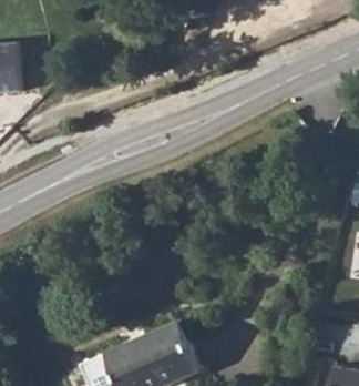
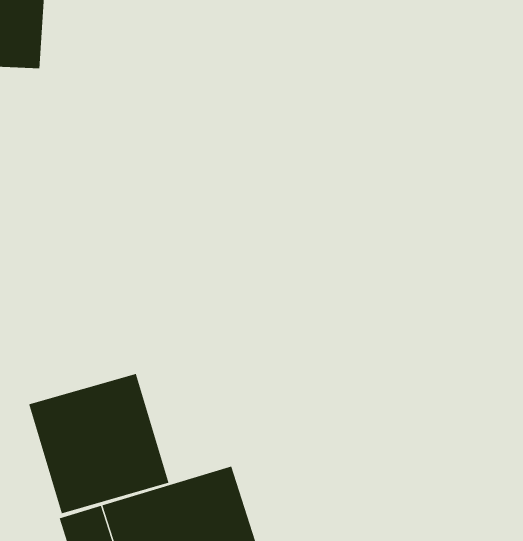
building: none -> [28,373,169,514]

